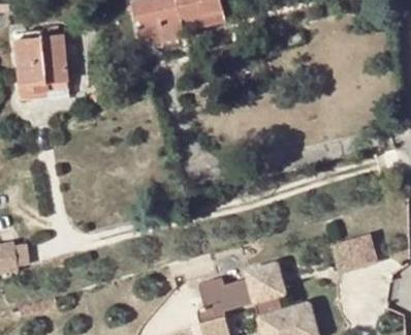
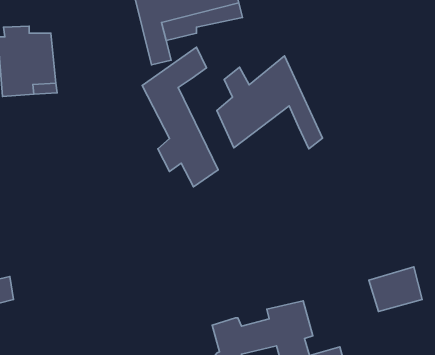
building: none -> [142,47,218,187]
building: none -> [217,56,323,149]

